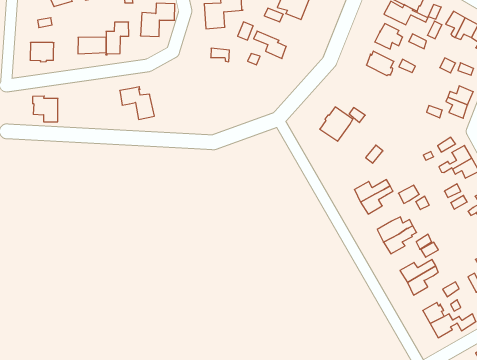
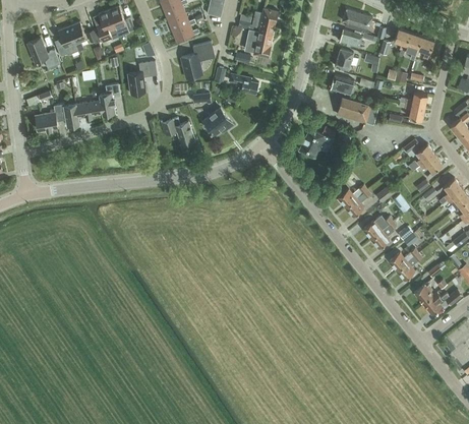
building: none -> [203,108,233,134]
building: none -> [337,96,378,124]
building: [120,87,154,119] -> [162,117,195,145]
building: [33,96,58,122] -> [54,104,79,126]

